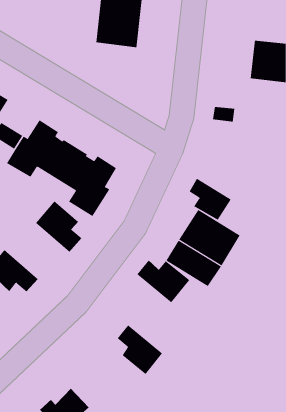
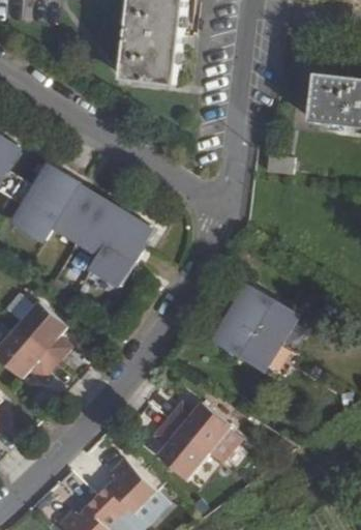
building: [189,178,231,221] -> none
building: [35,200,82,253] -> [13,301,70,364]
building: [136,260,190,303] -> [163,402,229,454]
building: none -> [94,458,154,520]

